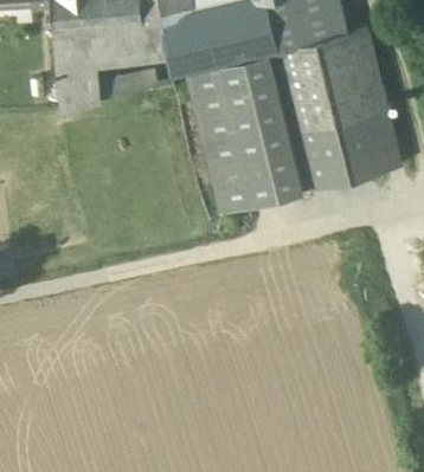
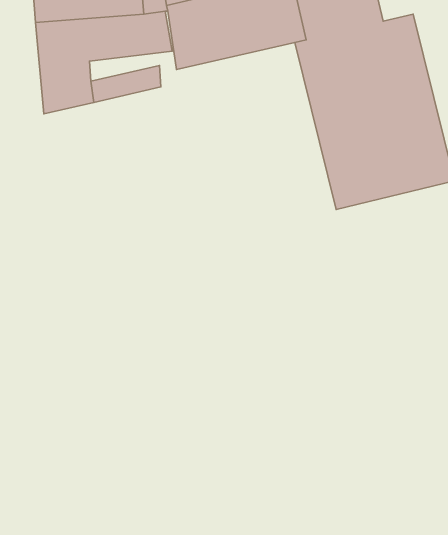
building: [186,50,303,209] -> none

